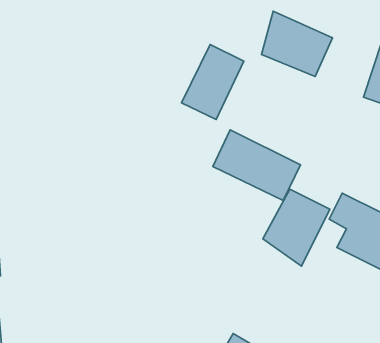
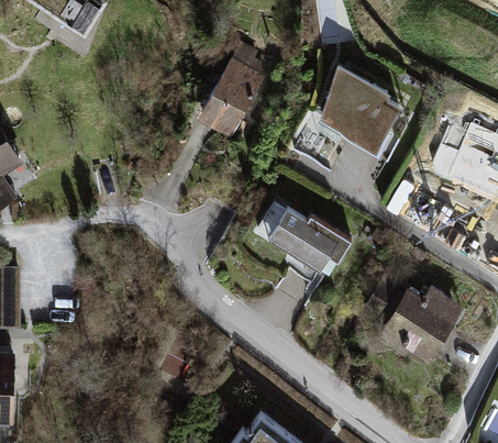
building: [181,44,244,119] -> [197,60,267,141]
building: [263,189,330,266] -> none

